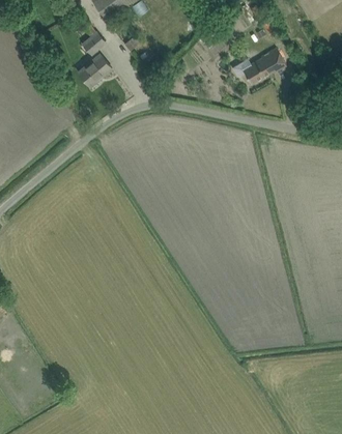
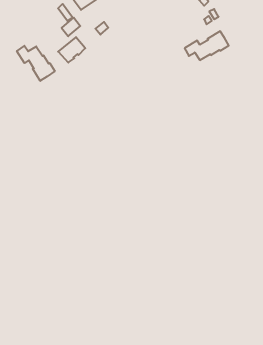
building: none -> [17,46,55,81]

